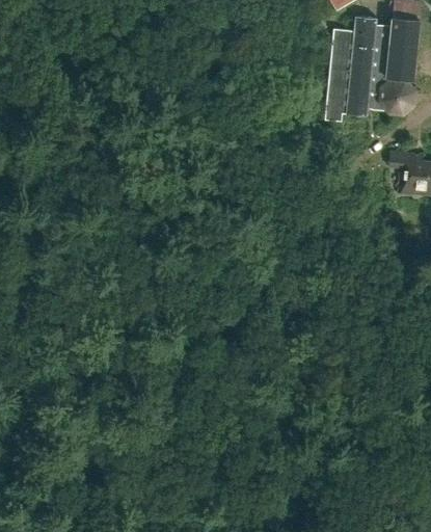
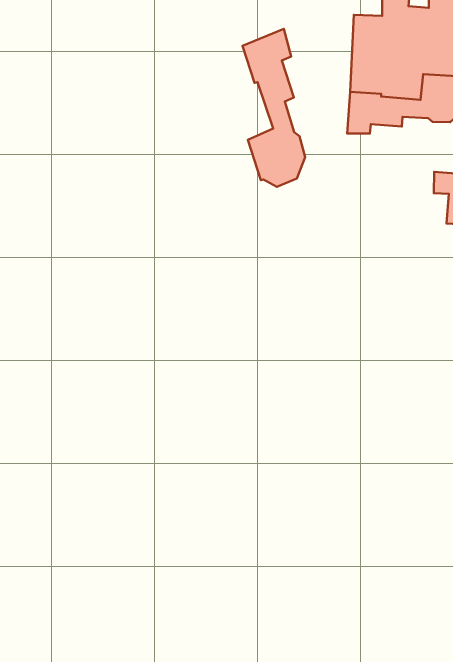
building: none -> [242,29,305,187]

